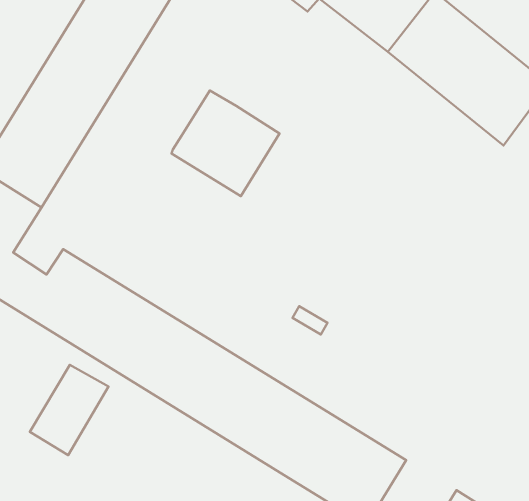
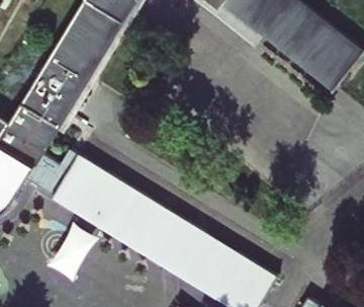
building: [171,91,279,196] -> none

